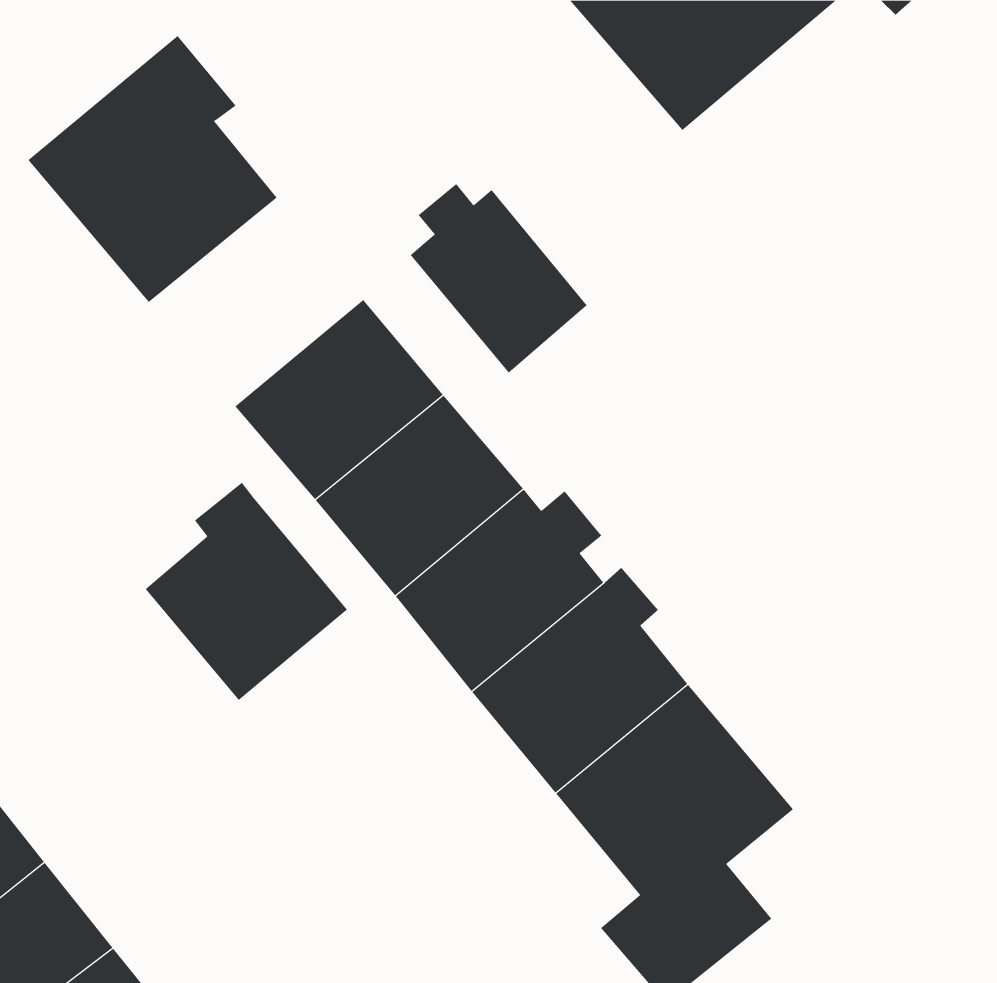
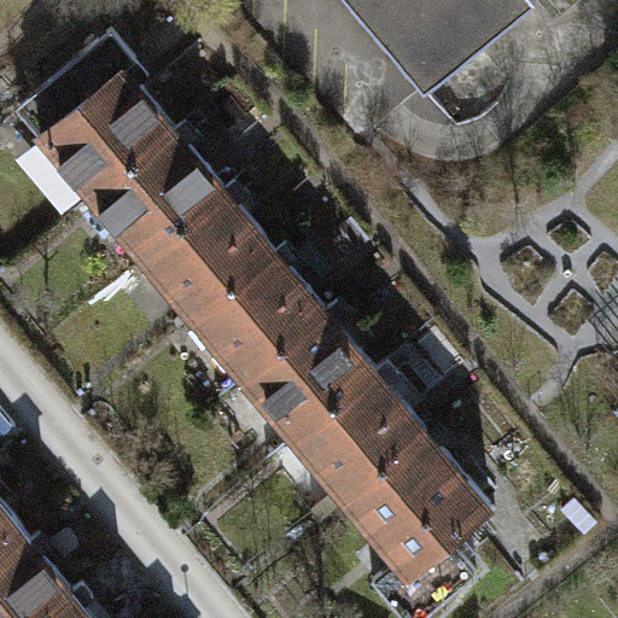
building: [410,183,587,374] -> none
building: none -> [92,132,225,261]
building: [145,482,348,701] -> none

